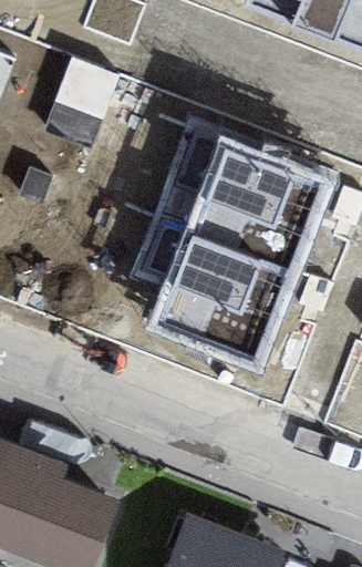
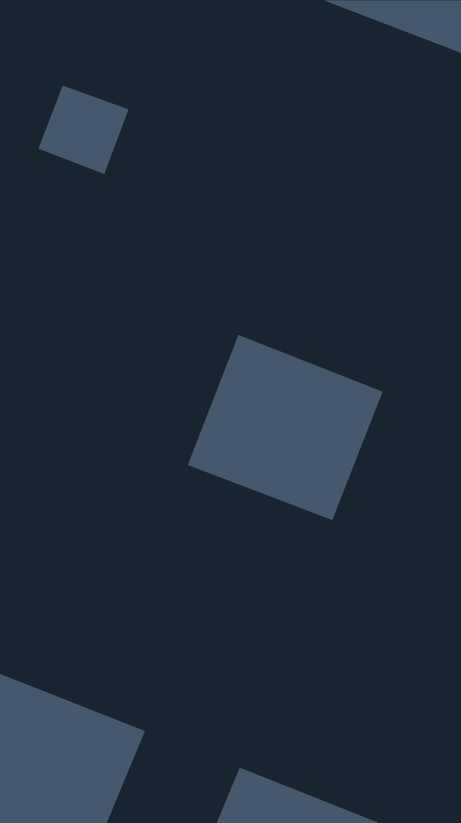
building: [189,140,322,267] -> none

